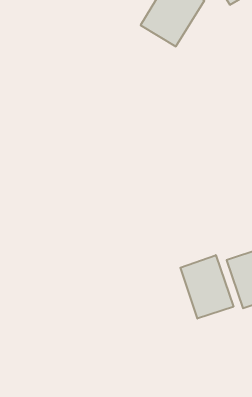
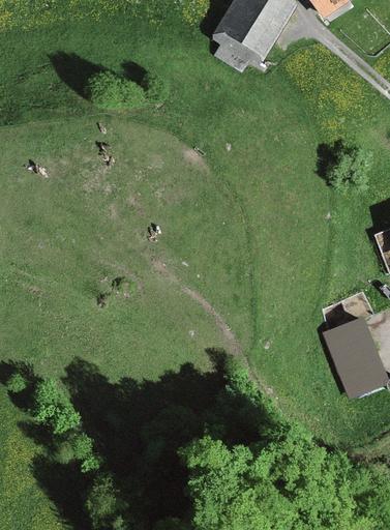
building: [180,255,233,319] -> none

